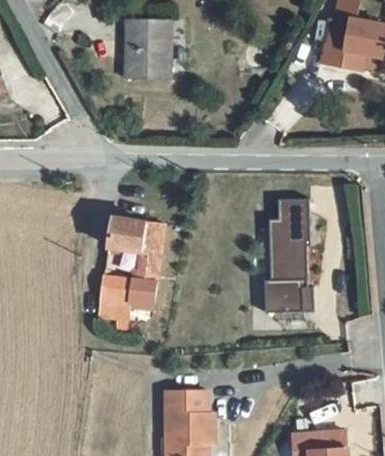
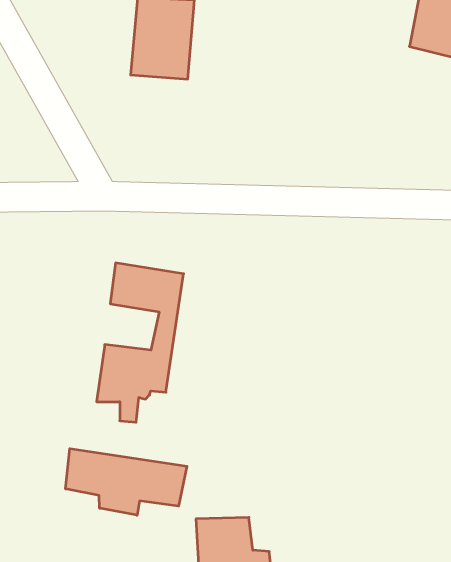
building: [262,206,310,321] -> none
building: none -> [66,449,187,515]

